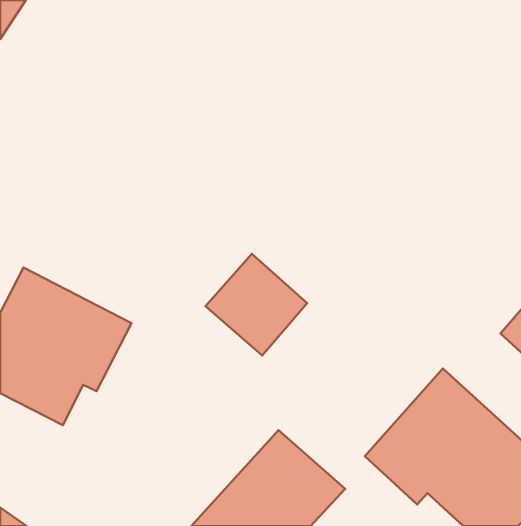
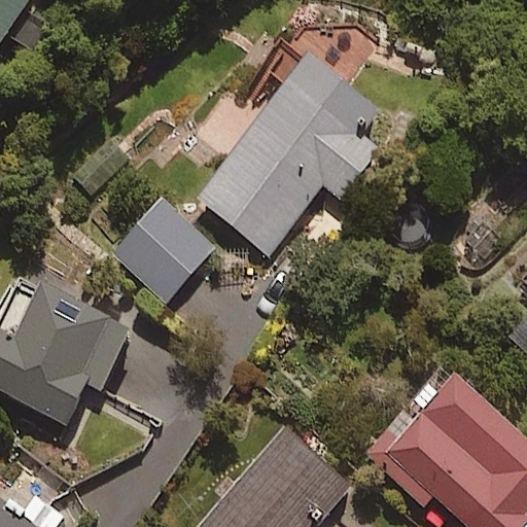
building: none -> [198,54,379,254]
building: [205,254,307,356] -> [112,199,214,301]

